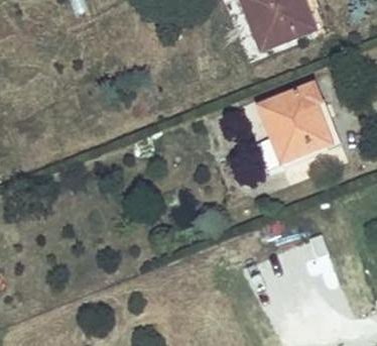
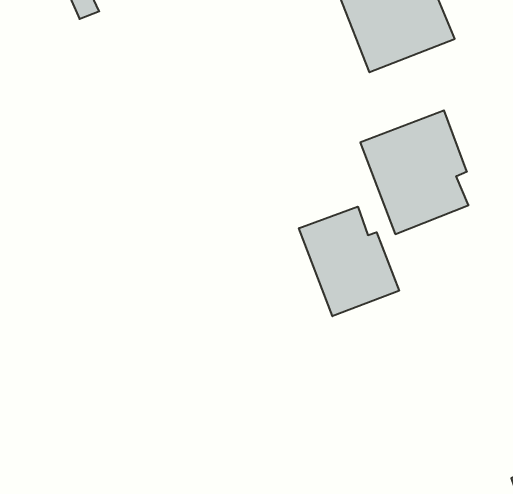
building: none -> [299,207,399,316]

